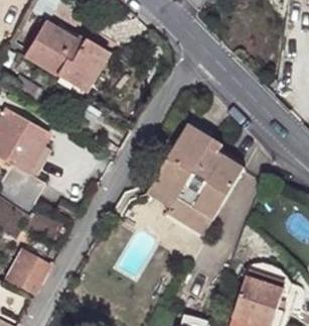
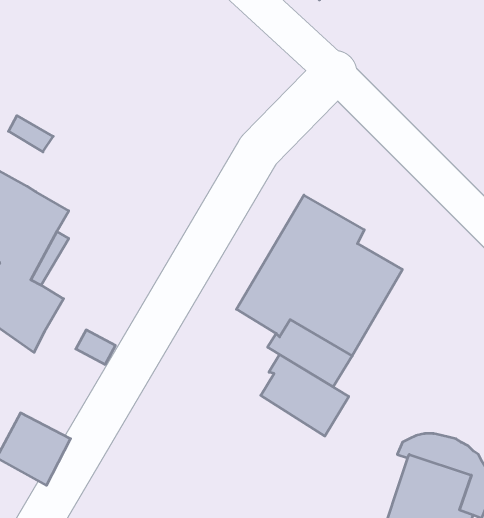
building: [26,22,108,91] -> none
building: none -> [261,354,349,436]

